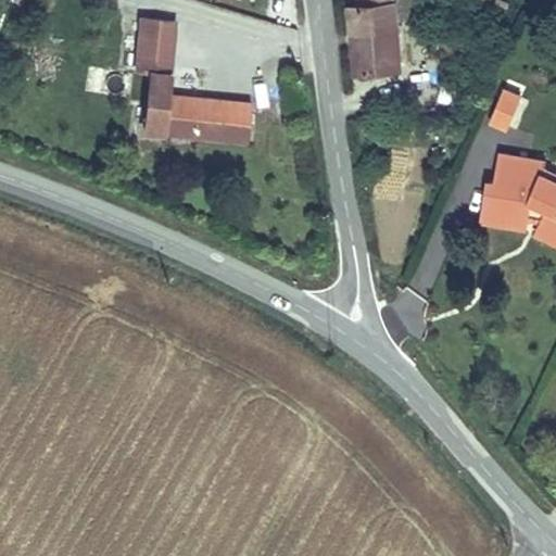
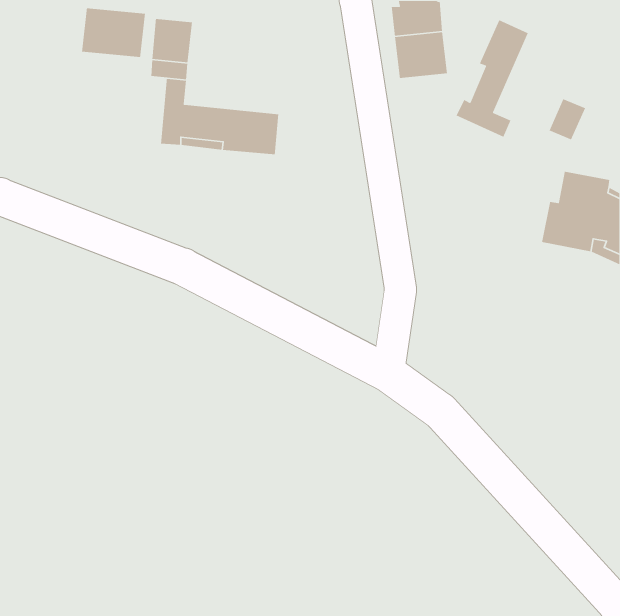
building: none -> [81,7,146,58]
building: none -> [456,19,529,138]

